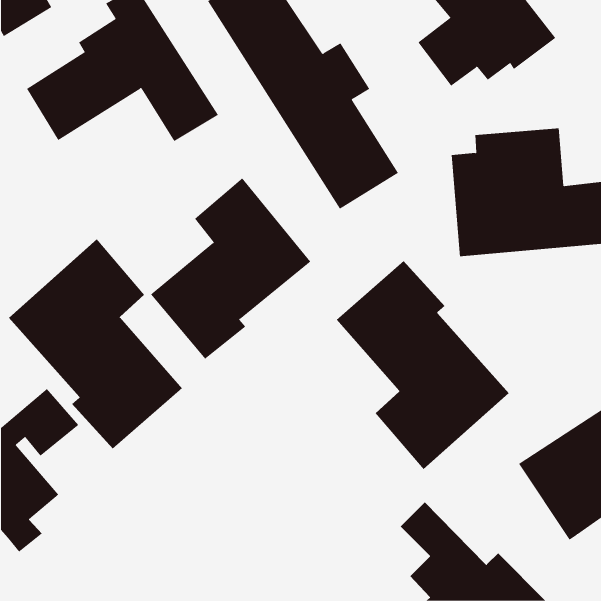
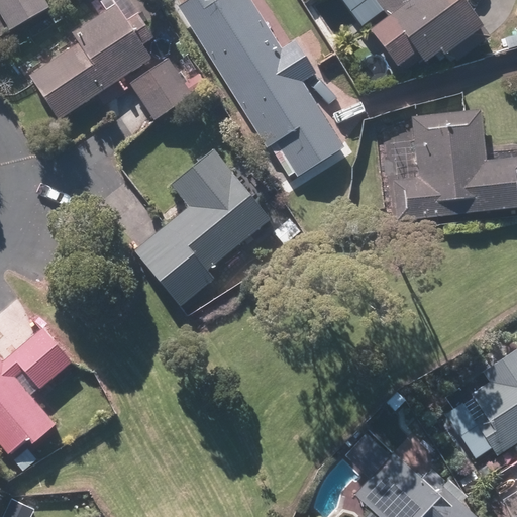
building: [8,238,183,450] -> none
building: [336,260,509,470] -> none

